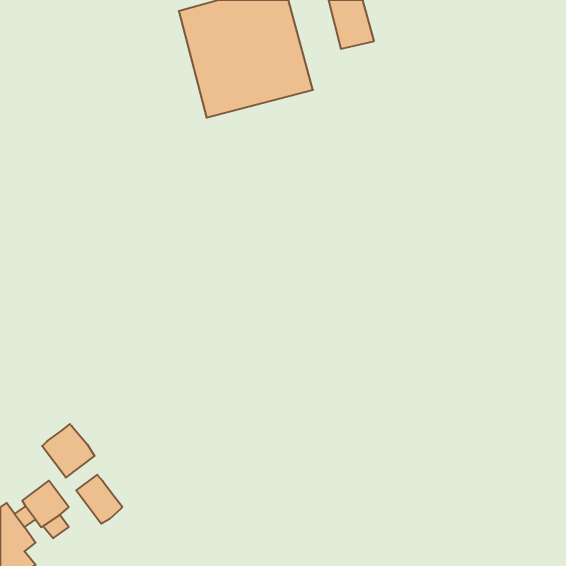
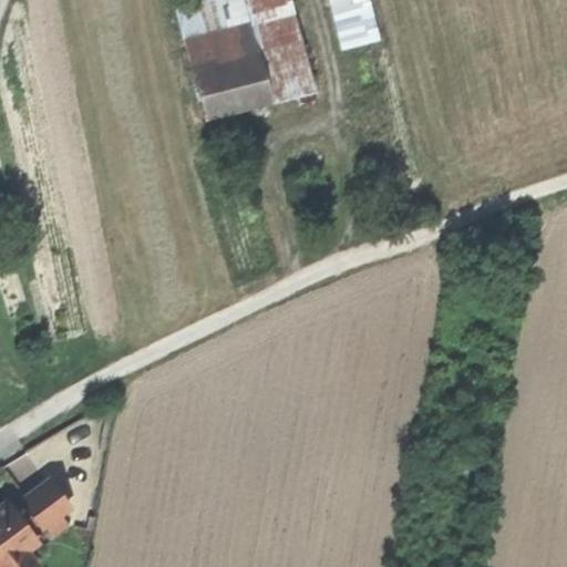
building: [42,424,95,478] -> none
building: [76,475,122,524] -> none

